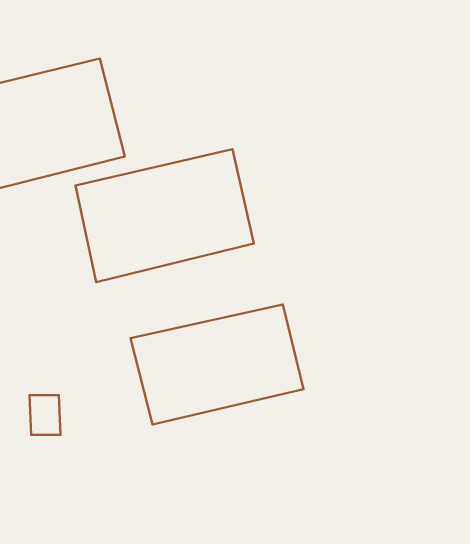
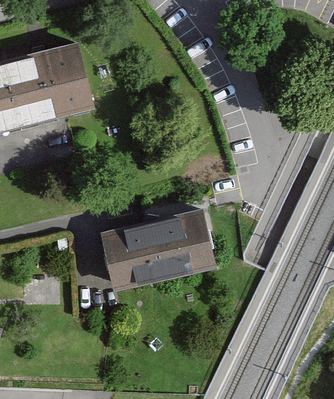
building: [76,149,254,282] -> none

